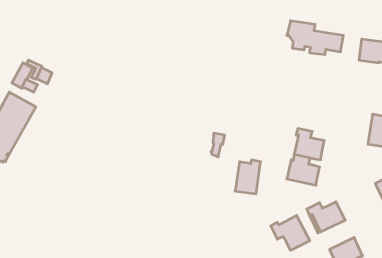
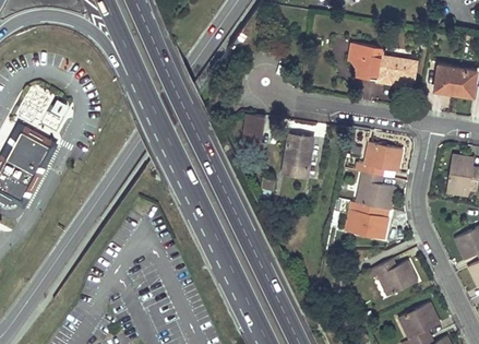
building: none -> [241,111,263,141]
building: none -> [361,140,400,174]
building: [235,160,261,194] -> [282,134,312,175]
building: [271,215,310,250] -> none

